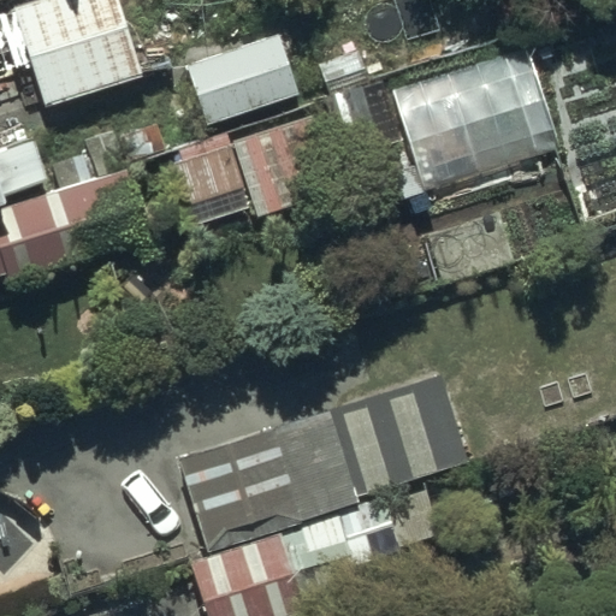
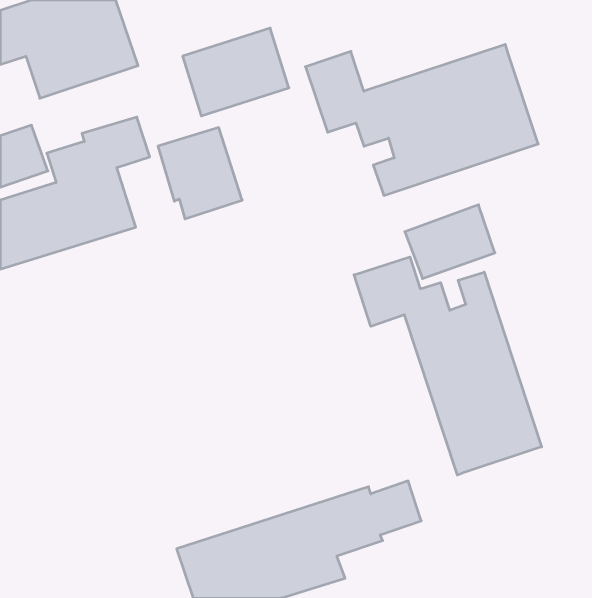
building: none -> [354,257,542,475]
building: [176,380,461,556] -> none

